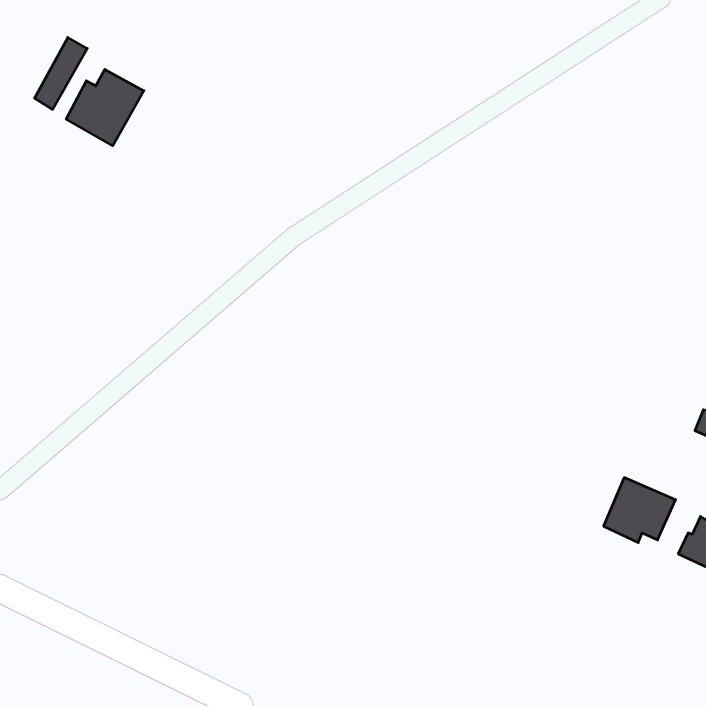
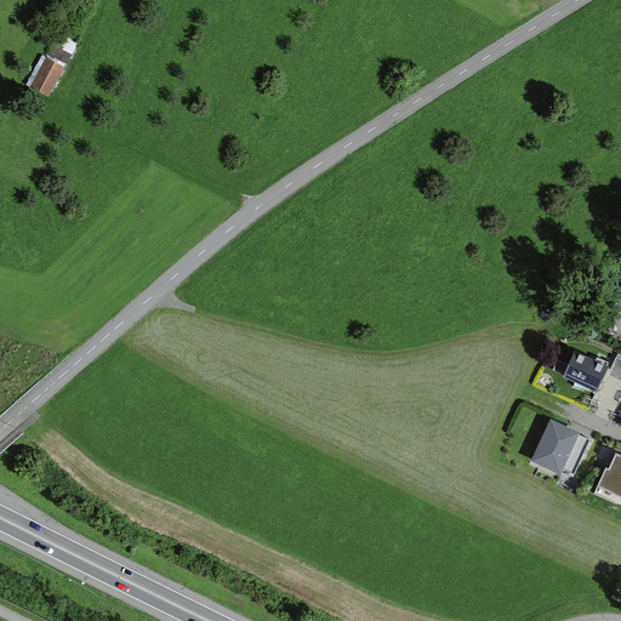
building: [66,69,144,146] -> none
building: none -> [560,352,605,391]

